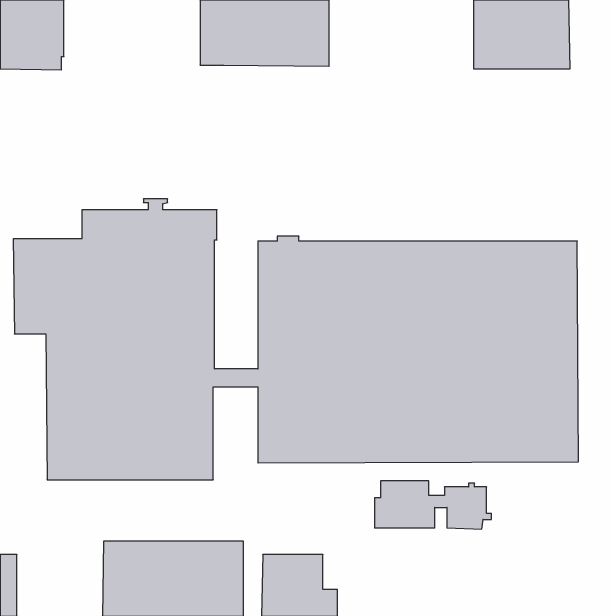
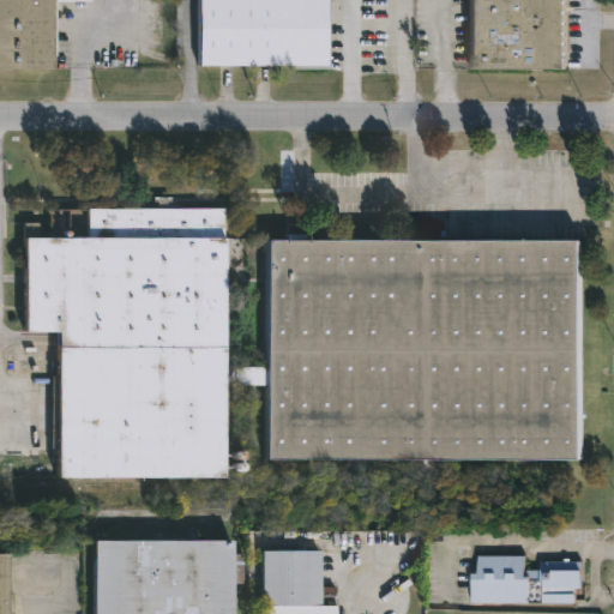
building: [375,481,491,529] -> [471,554,588,602]

